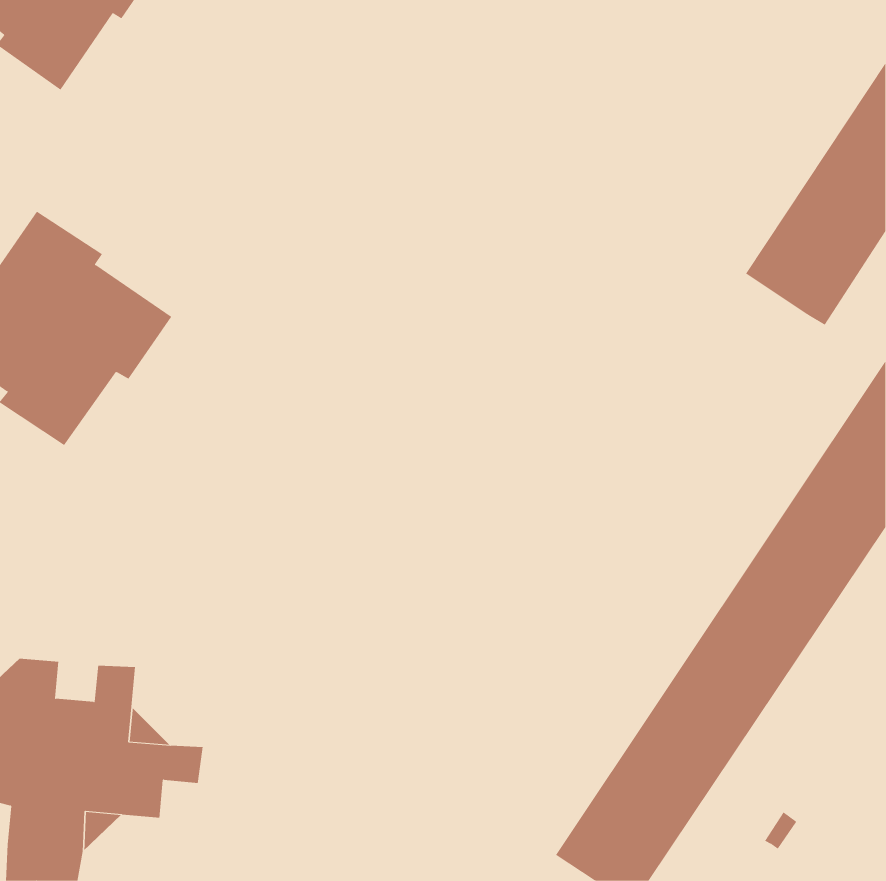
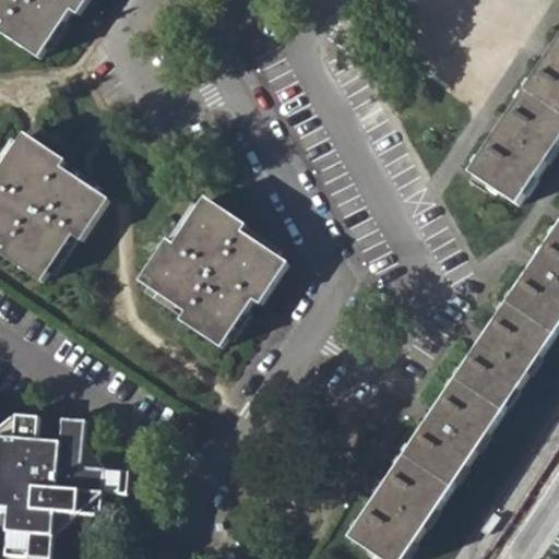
building: none -> [140,198,288,347]

